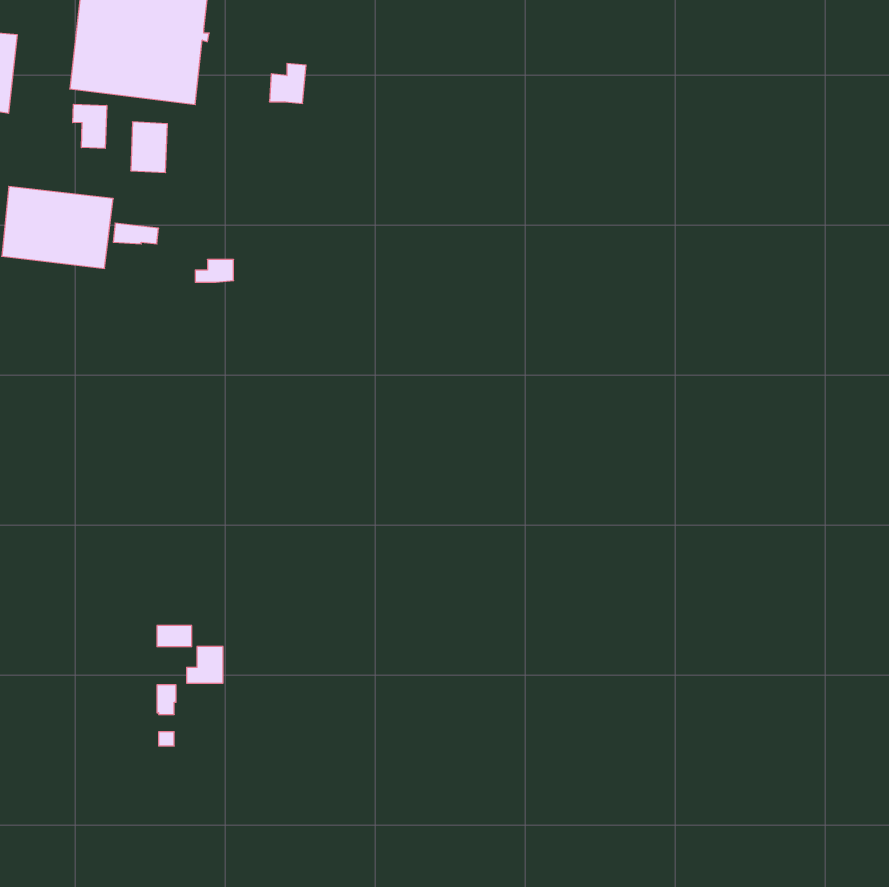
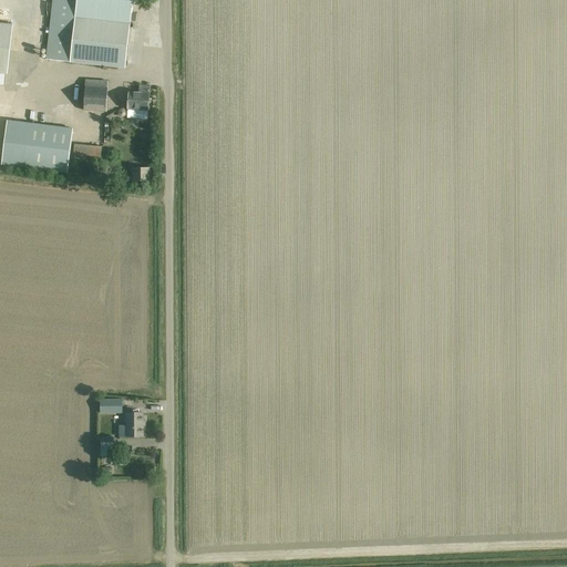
building: [269,63,306,103] -> [125,83,148,109]
building: [73,104,107,148] -> none

